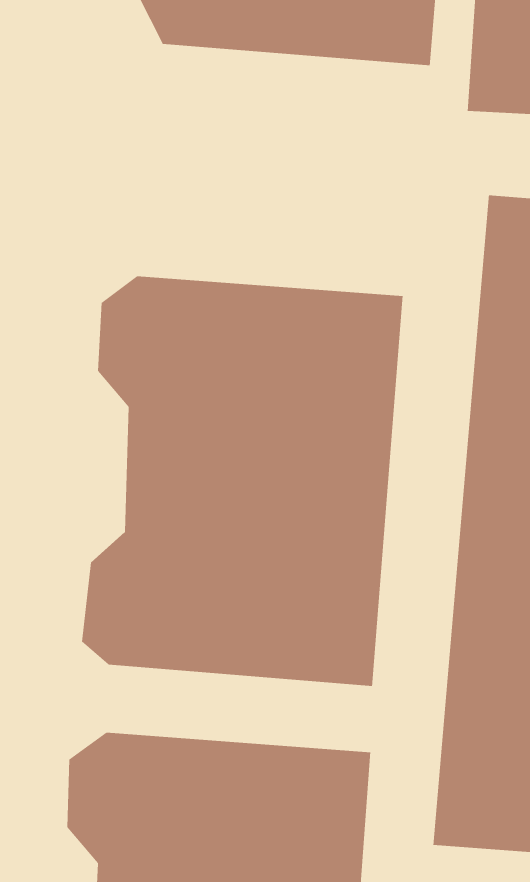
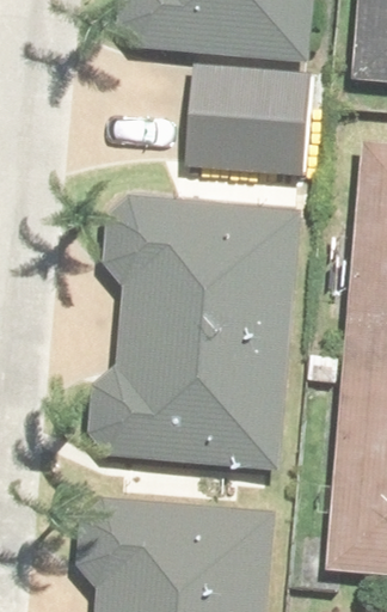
building: none -> [185,72,315,177]

